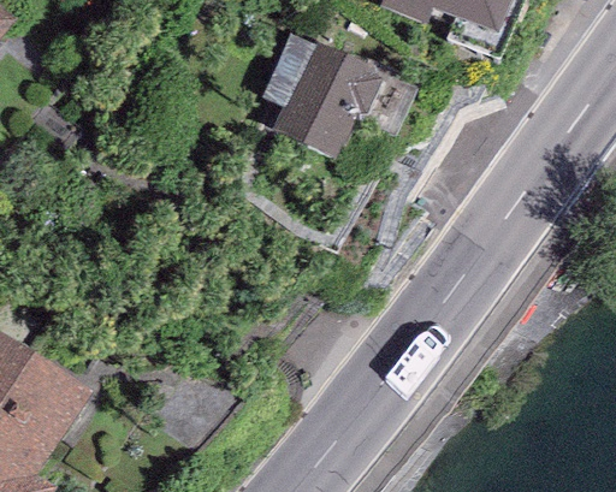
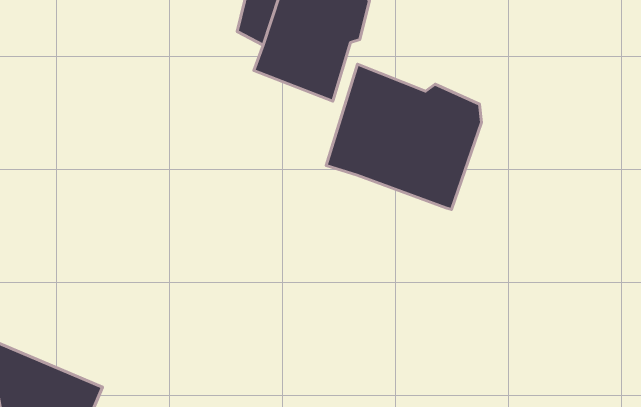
building: none -> [326,64,482,209]

